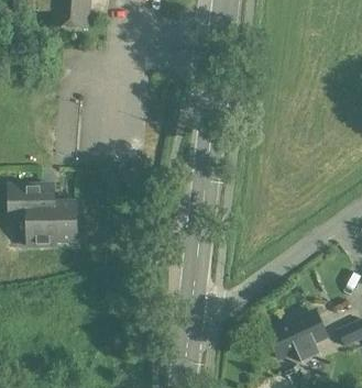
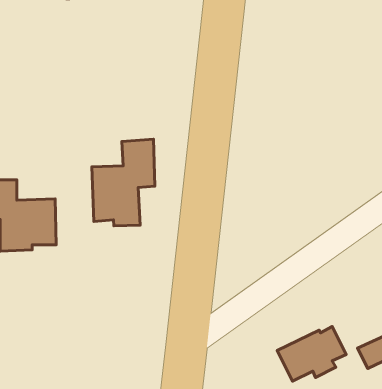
building: none -> [92,139,155,226]

